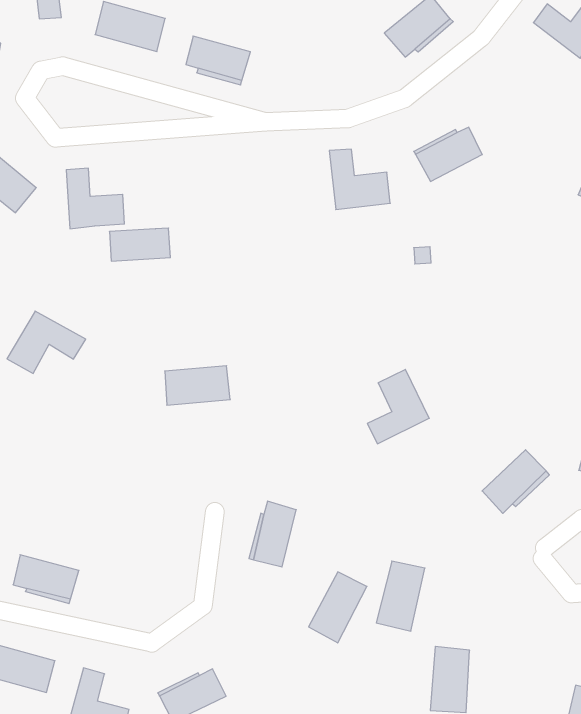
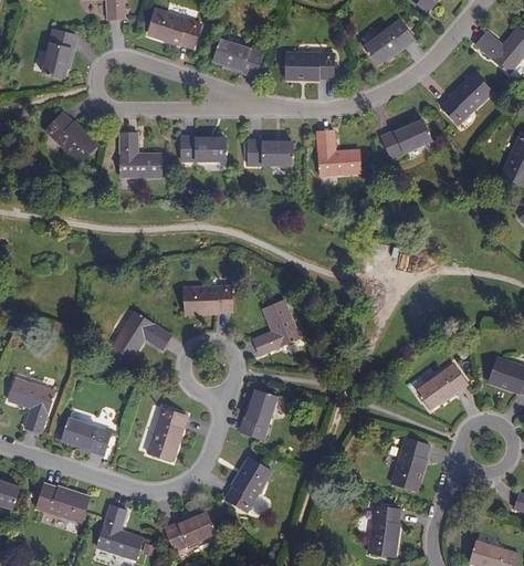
building: none -> [285,52,334,78]
building: none -> [441,73,493,124]
building: none -> [248,143,292,165]
building: [109,228,170,261] -> [181,138,226,160]
building: [7,311,86,373] -> [112,312,171,358]
building: [367,369,429,444] -> [253,301,300,355]
building: none -> [147,407,186,461]
building: [376,561,425,631] -> [390,438,429,491]
building: [309,572,367,643] -> [226,459,271,512]

